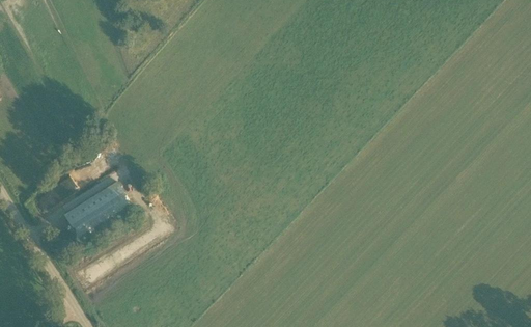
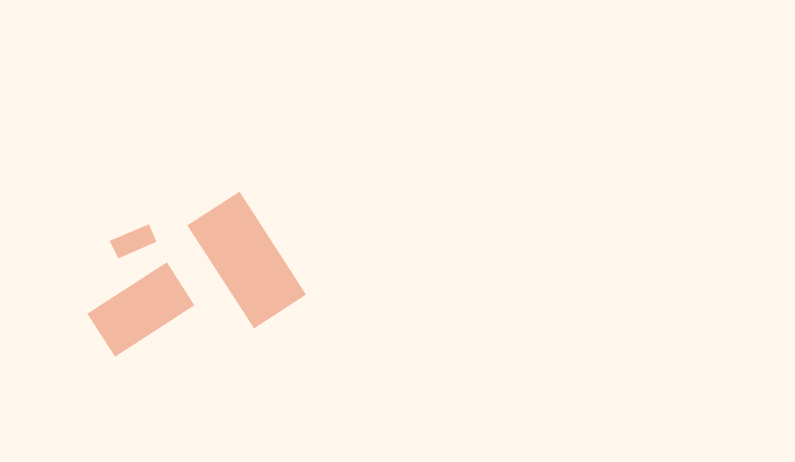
building: none -> [186,191,307,330]

